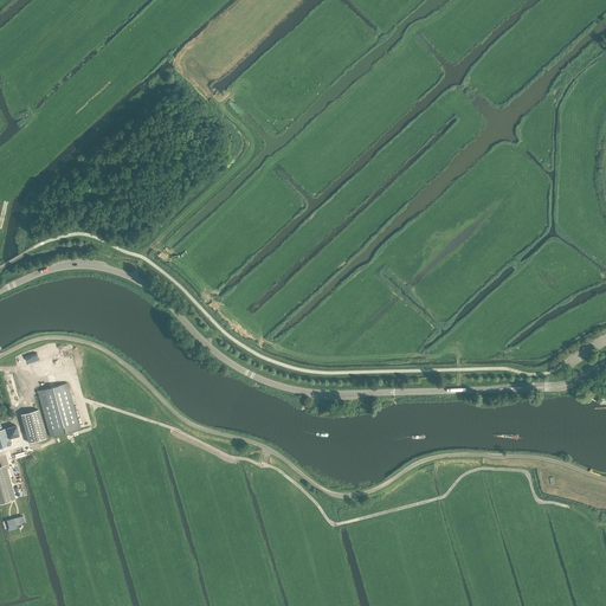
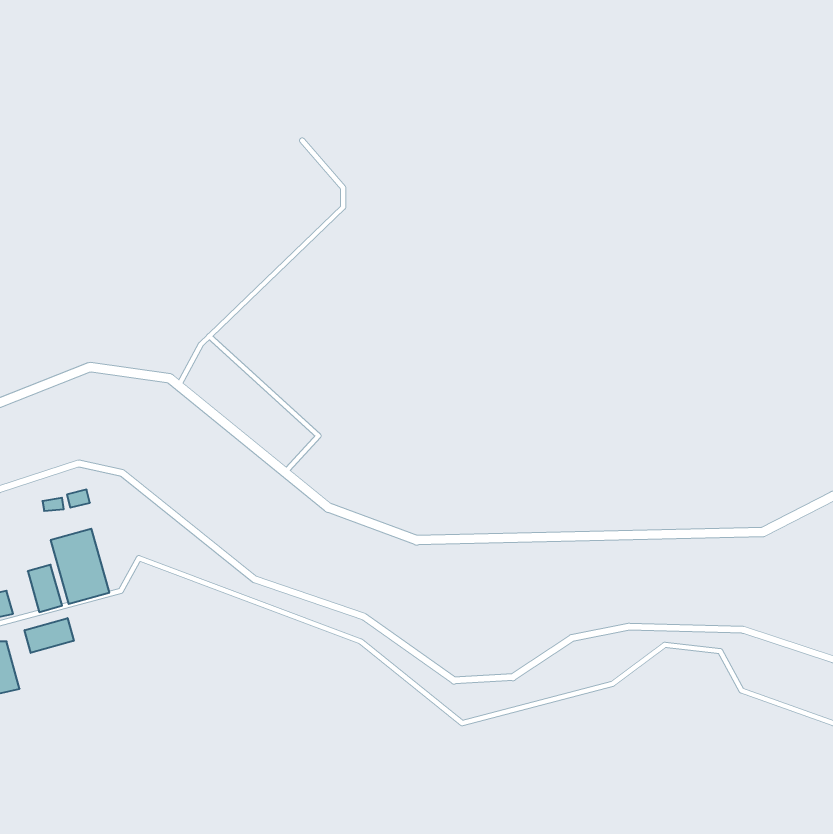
building: none -> [25,618,74,653]

